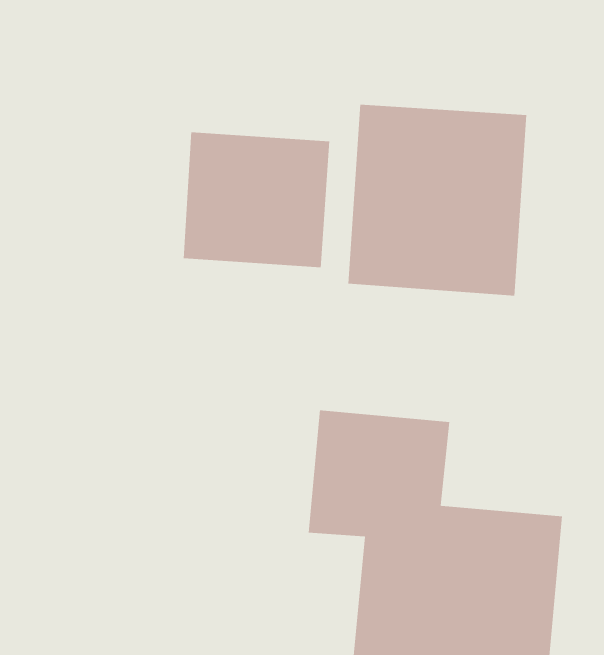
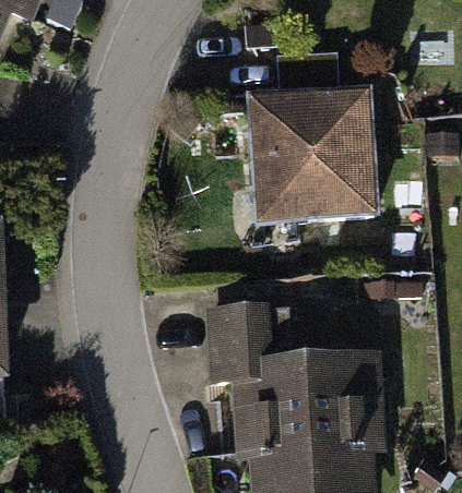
building: [183,132,330,268] -> none

